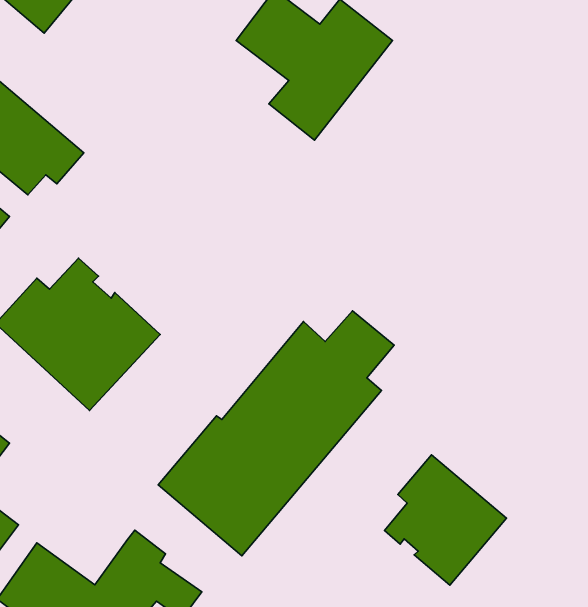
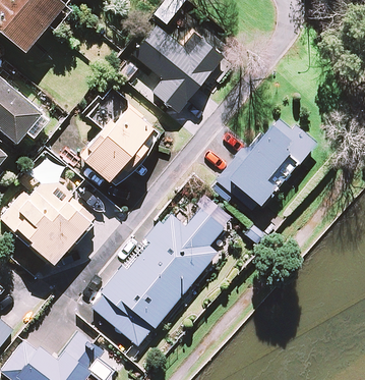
building: none -> [80,90,161,182]
building: none -> [218,114,313,213]
building: [384,455,506,585] -> none

